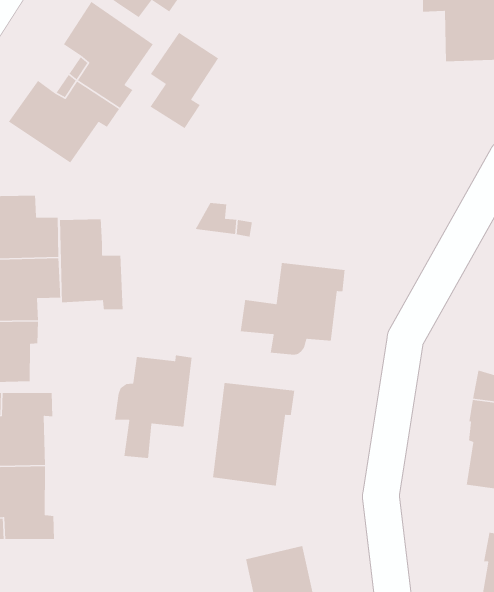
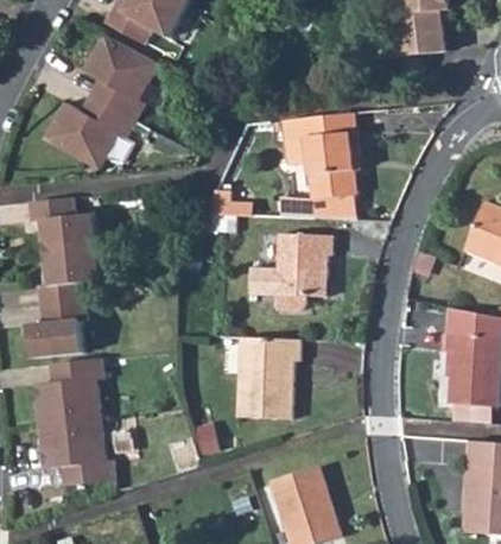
building: [150,32,219,129] -> none
building: none -> [284,113,357,220]
building: [59,219,124,310] -> none
building: [114,354,193,459] -> none

